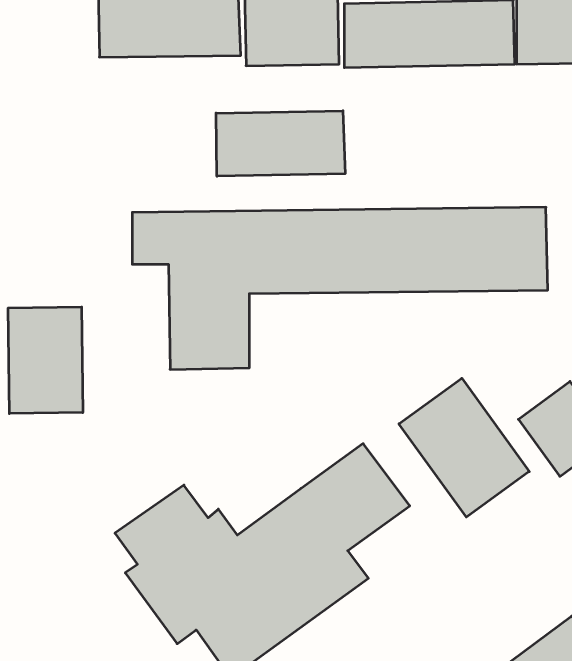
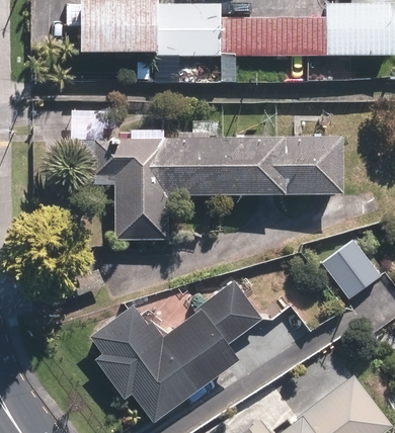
building: [216,111,345,176] -> none
building: [8,307,83,414] -> none
building: [399,378,529,517] -> none

